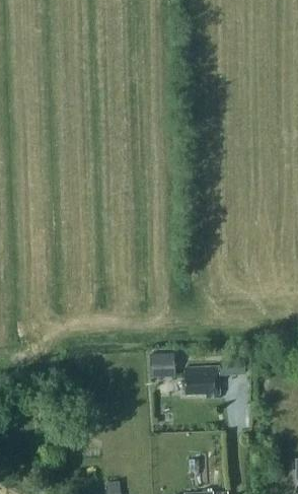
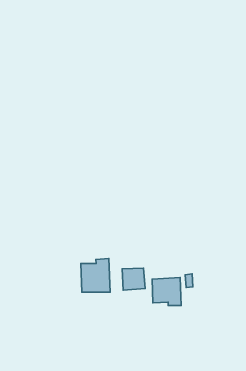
building: none -> [81,258,110,292]

